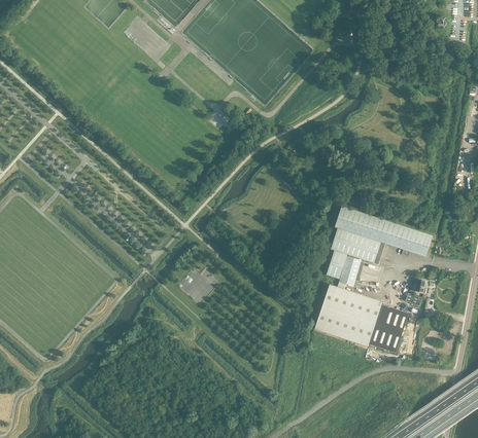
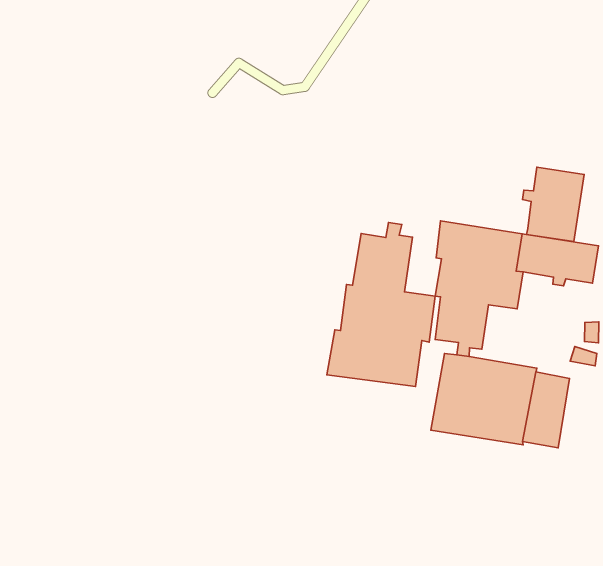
building: none -> [522,167,584,242]
building: none -> [327,222,435,386]

